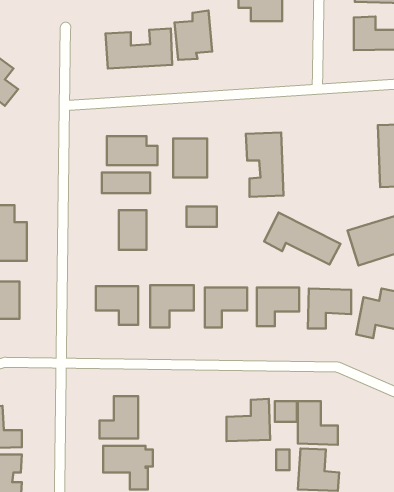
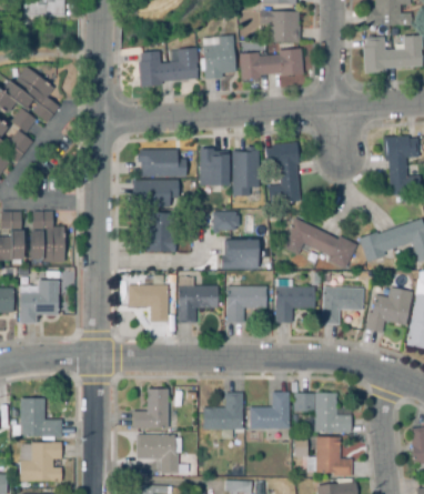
building: none -> [238,48,302,79]
building: none -> [234,153,259,196]
building: none -> [224,241,260,271]
building: none -> [202,392,242,429]

